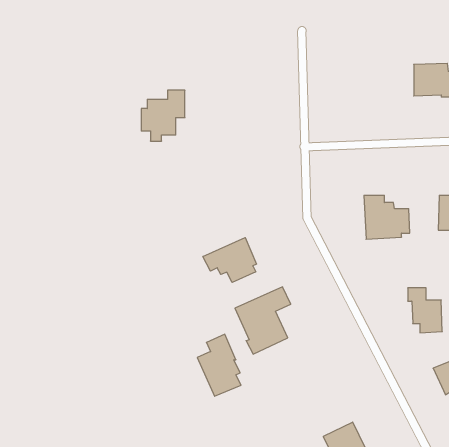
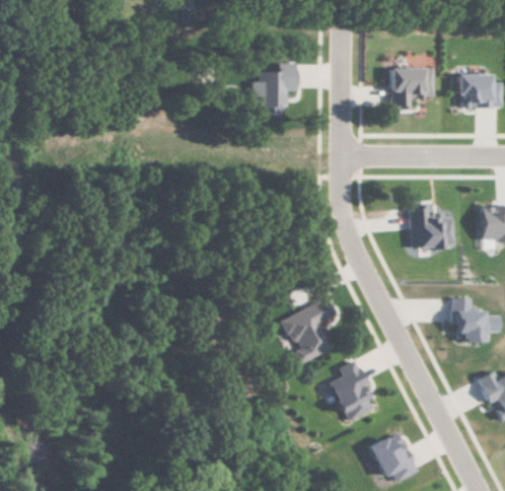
building: none -> [390,67,434,107]
building: [141,90,185,141] -> [251,63,295,114]
building: [203,238,257,282] -> none
building: [197,334,241,396] -> [330,358,373,420]

